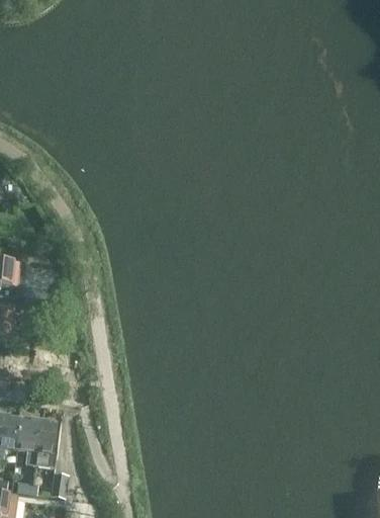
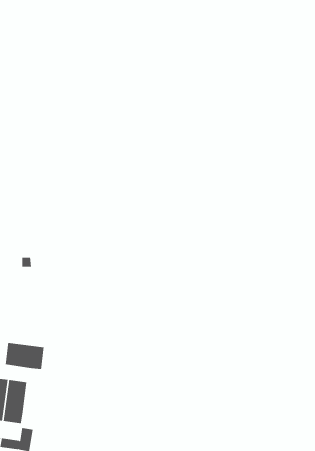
building: none -> [5,342,44,370]

